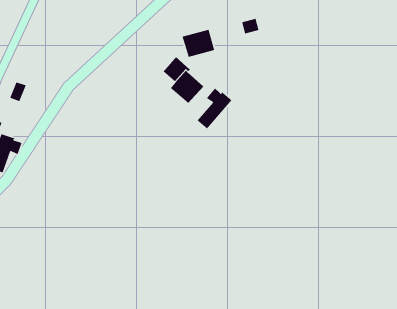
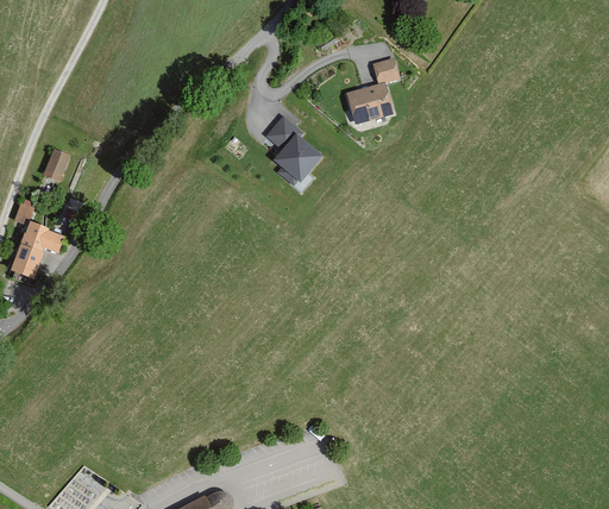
building: [182,29,215,58] -> [347,83,395,125]
building: [197,88,233,129] -> none

